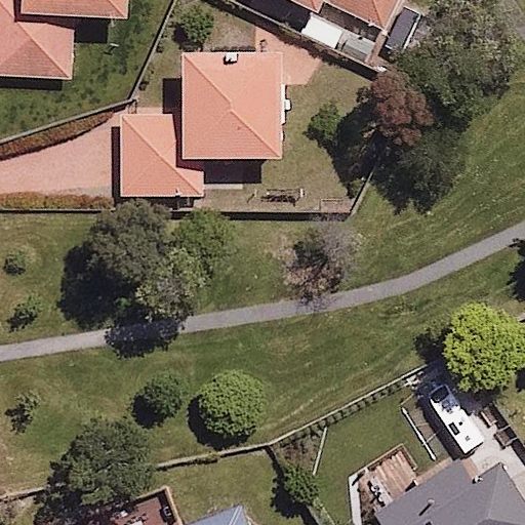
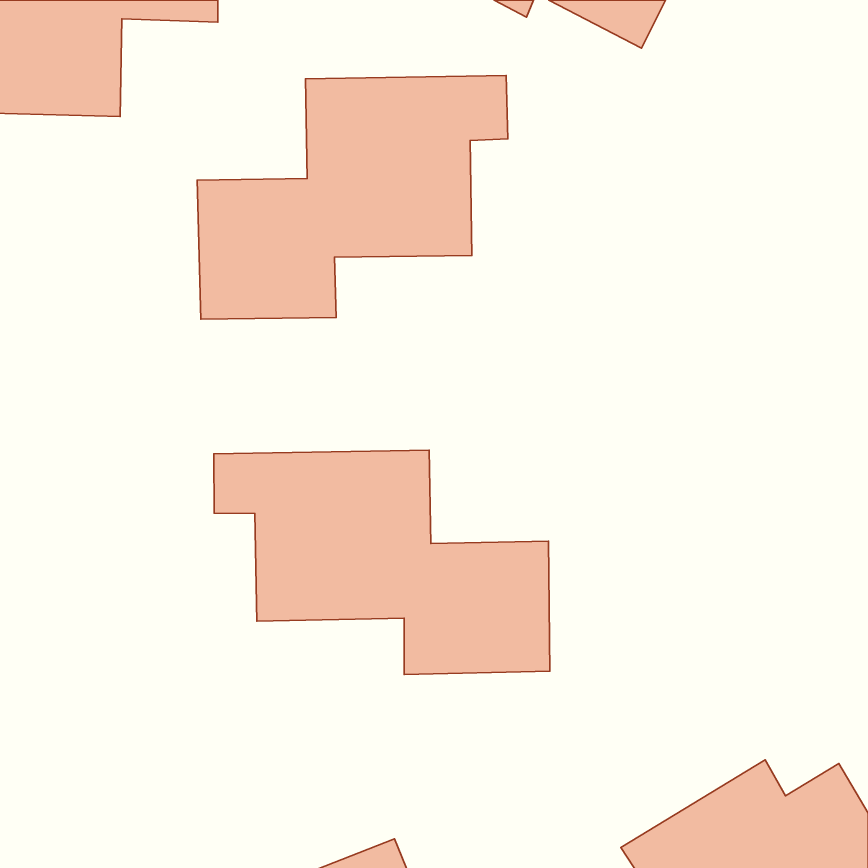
building: none -> [214,450,550,674]

